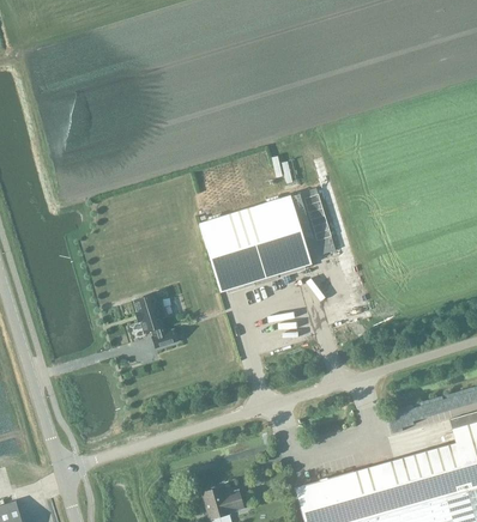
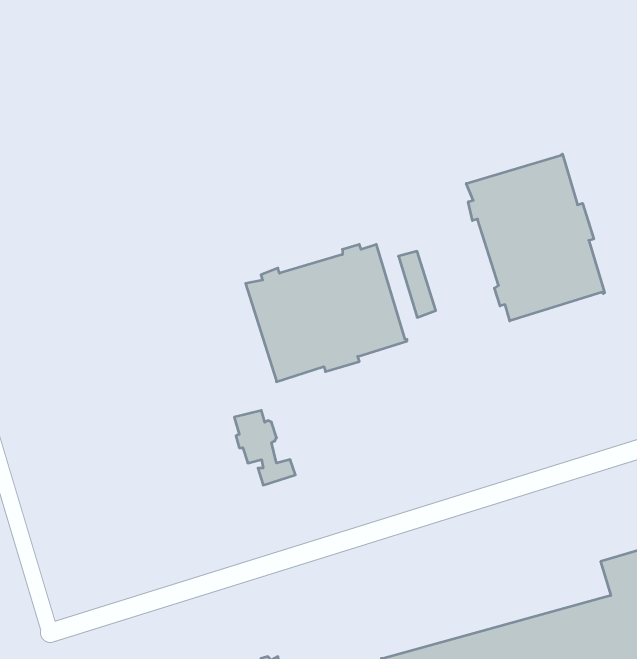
building: none -> [466,154,605,321]
building: [135,296,179,348] -> [234,410,295,485]

